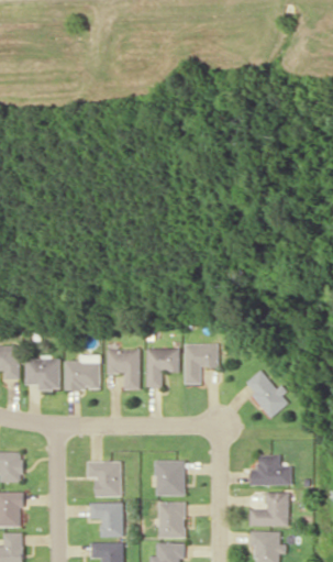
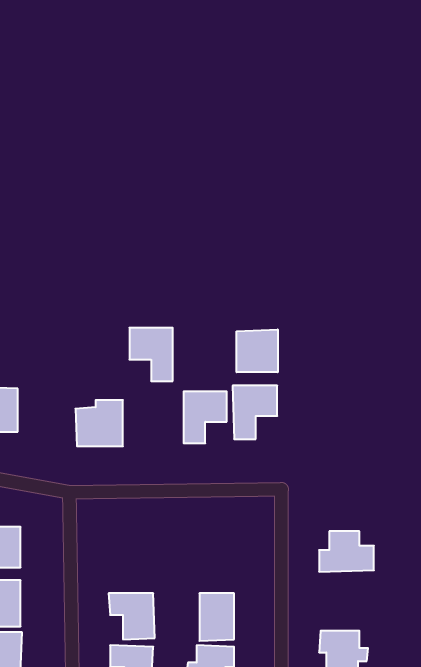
building: none -> [237,329,278,372]
building: [107,350,140,390] -> [129,328,173,381]
building: [24,359,60,390] -> none
building: [244,370,288,417] -> none
building: [154,461,185,496] -> none
building: [87,462,122,497] -> none
building: [248,493,289,527] -> none

